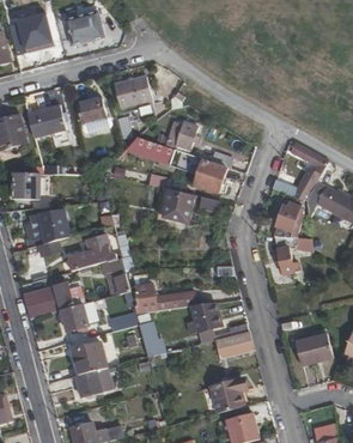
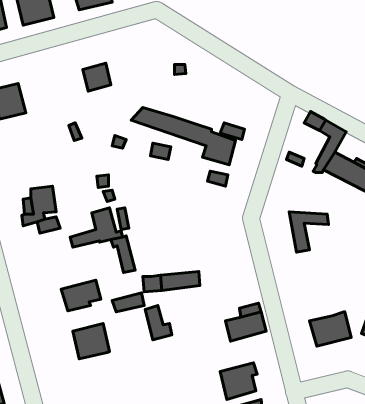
building: [116,77,151,108] -> none
building: [28,105,66,138] -> none
building: [165,122,199,153] -> none
building: [12,171,49,201] -> none
building: [162,190,193,223] -> none
building: [272,202,310,238] -> none
building: [22,281,73,317] -> none
building: [187,302,220,333] -> none
building: [75,369,108,396] -> none

